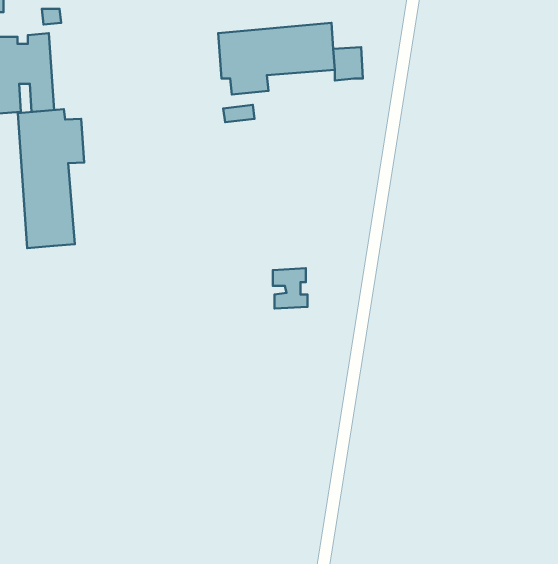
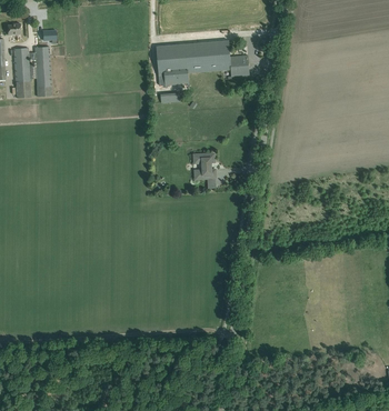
building: [18,109,84,248] -> none
building: [273,268,308,308] -> [193,152,216,178]

